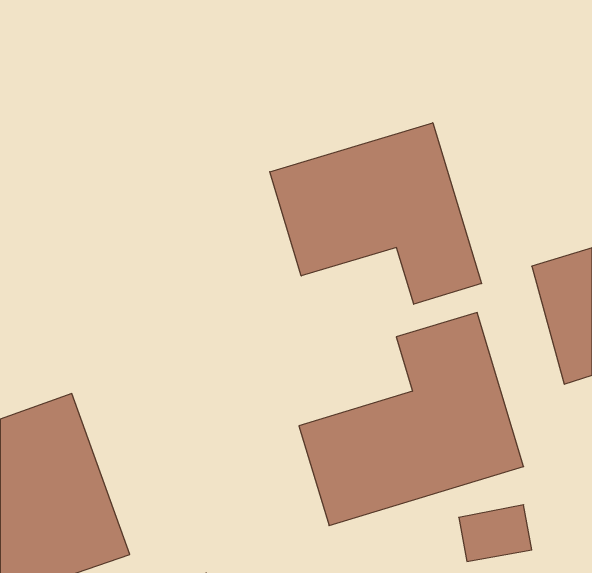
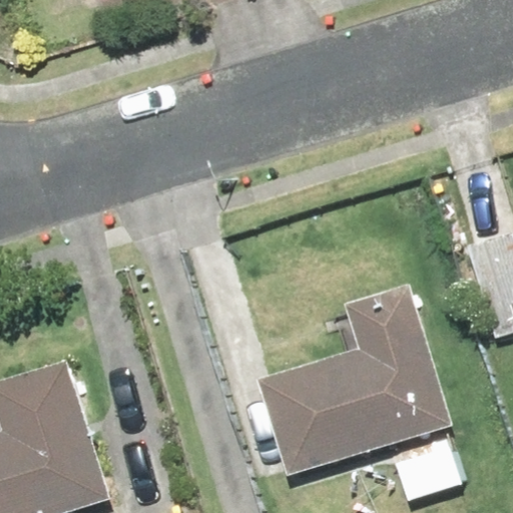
building: [270,123,482,304] -> none

